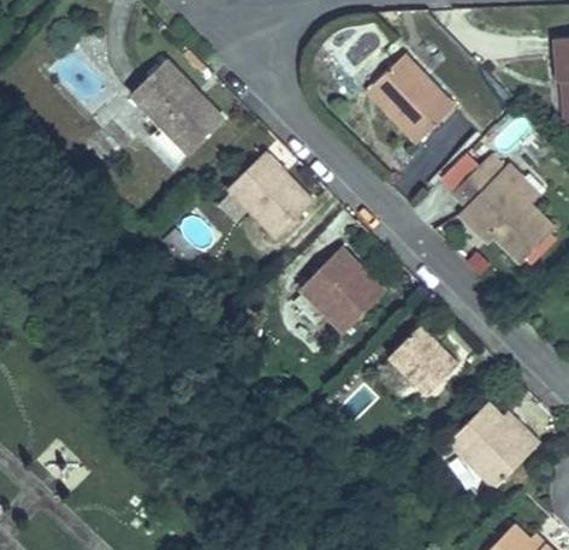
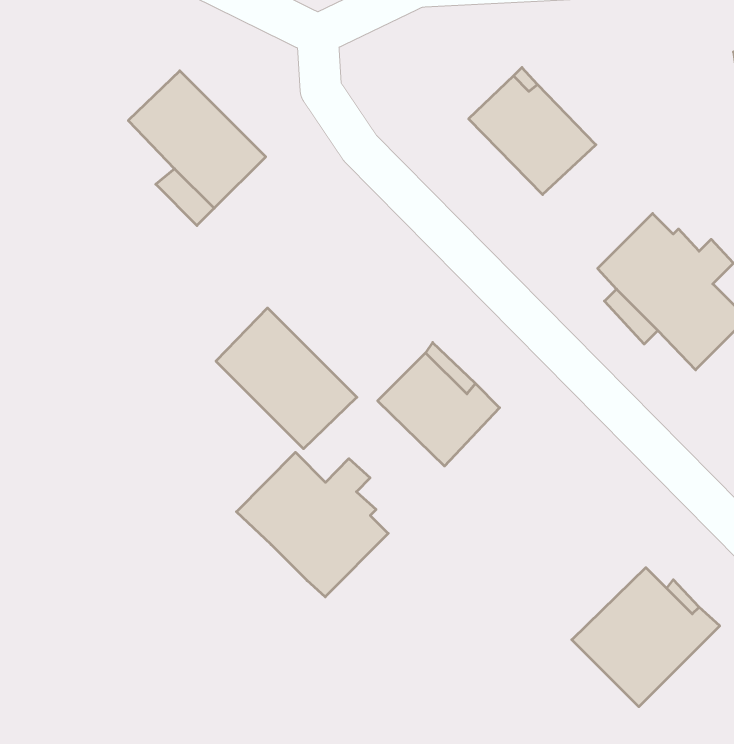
building: [226,147,325,246] -> [216,308,357,449]
building: none -> [236,452,388,597]
building: [387,323,460,395] -> none

